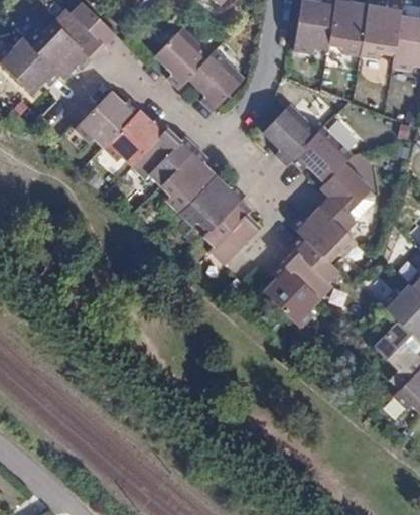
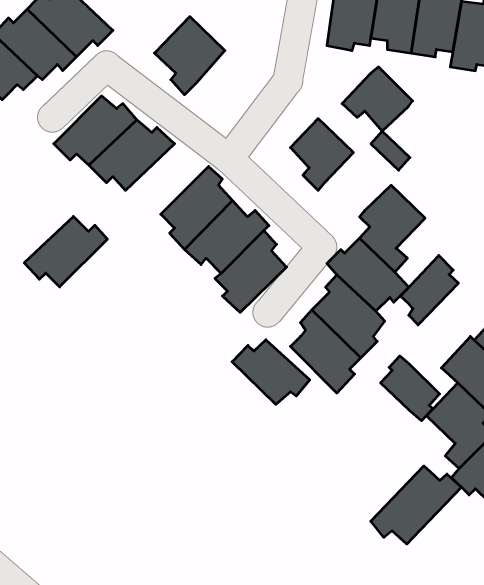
building: [189,49,246,112] -> none
building: [132,129,198,185] -> [24,216,107,287]
building: [291,131,347,182] -> [342,67,413,131]
building: none -> [400,255,458,325]
building: none -> [232,340,310,404]
building: none -> [381,356,440,421]
building: none -> [371,466,461,544]

